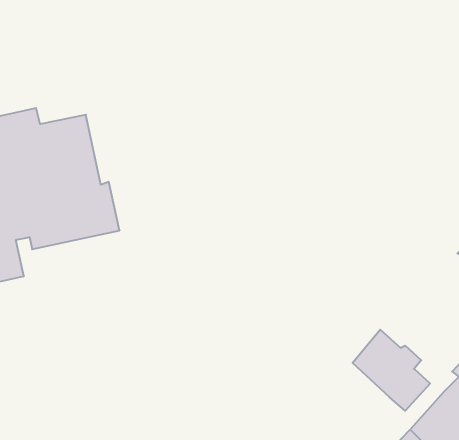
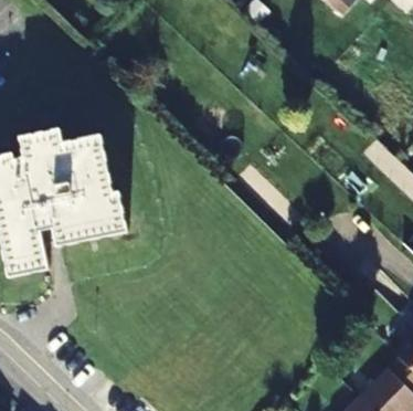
building: [353,330,430,411] -> none

